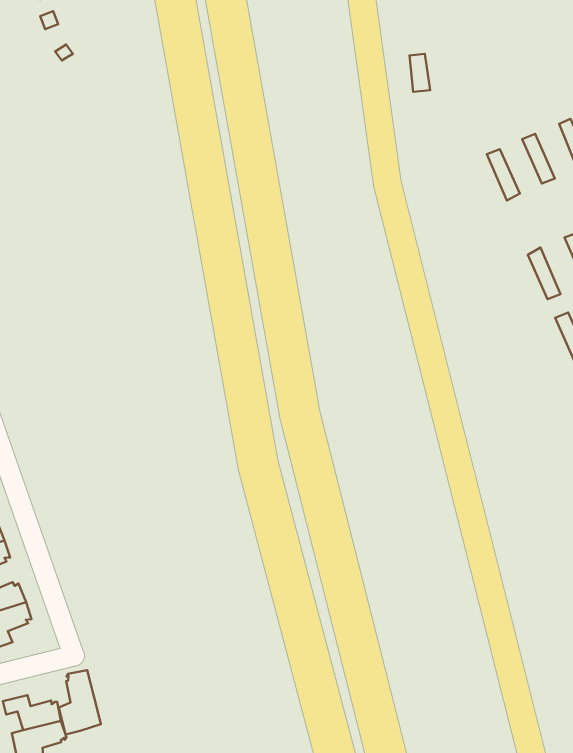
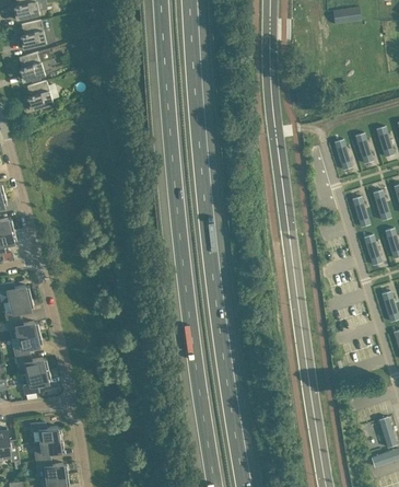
building: [59,670,101,735] -> none

